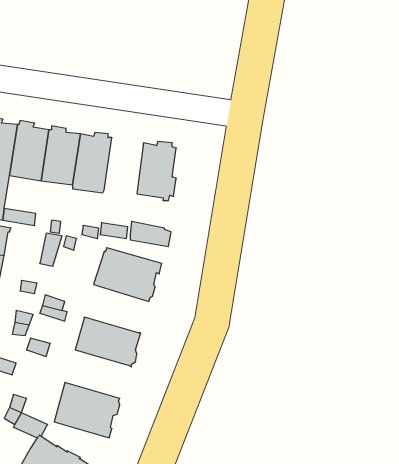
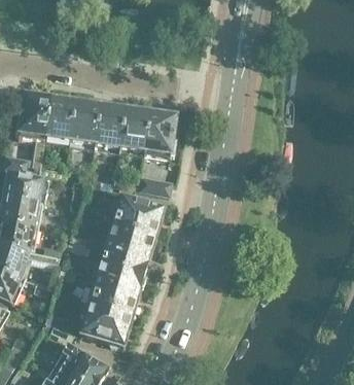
building: none -> [118,108,149,153]
building: none -> [103,224,153,262]
building: none -> [87,276,138,314]

